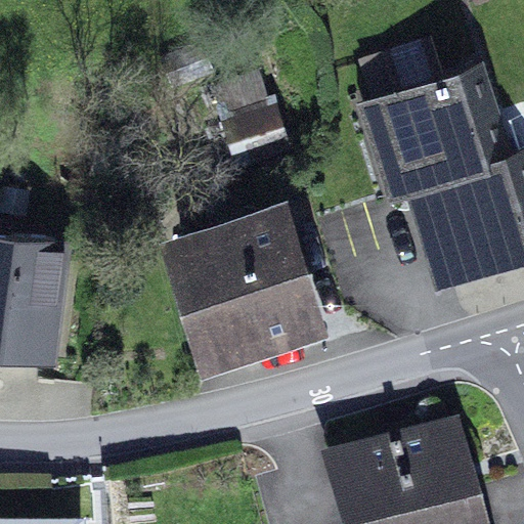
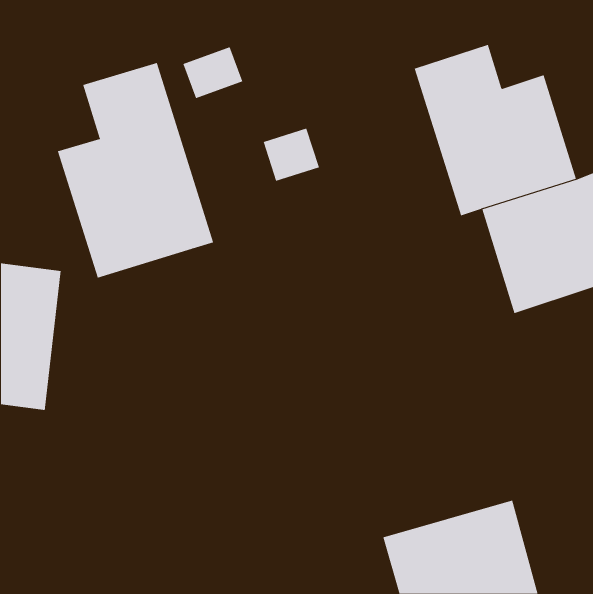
building: none -> [57,62,214,279]
building: [183,217,309,348] -> none

